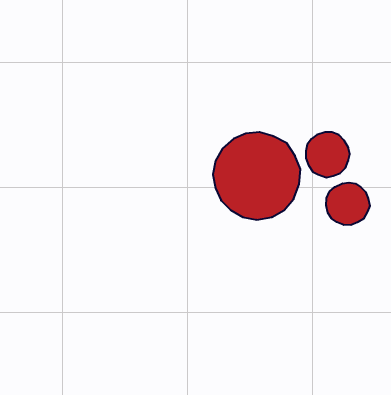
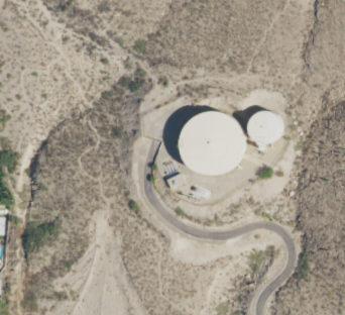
building: [326,183,370,225] -> none

